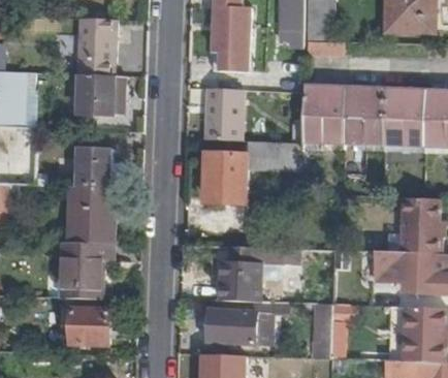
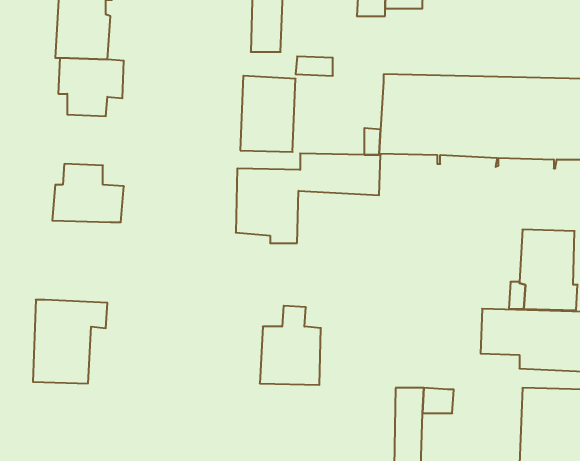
building: [70,187,116,245] -> none
building: [206,301,271,343] -> none
building: [70,309,110,344] -> none

